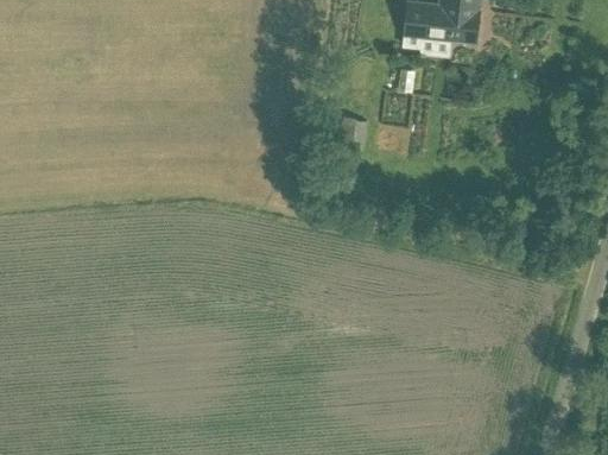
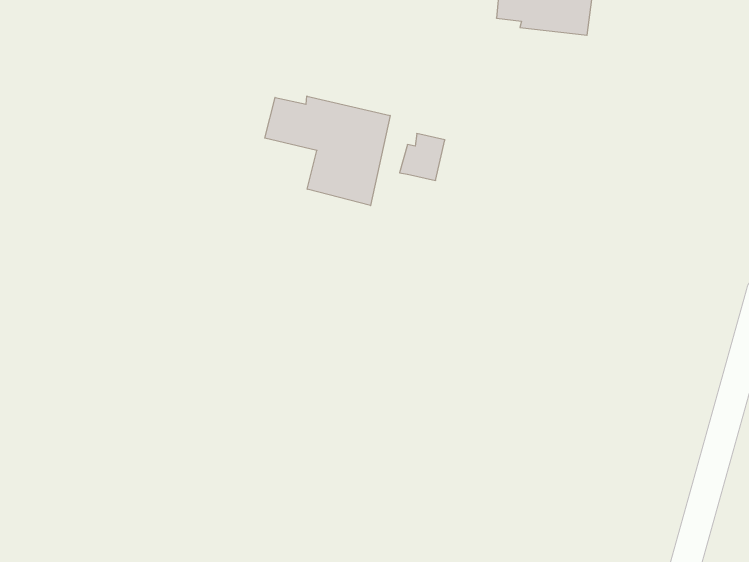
building: none -> [265,96,390,206]

